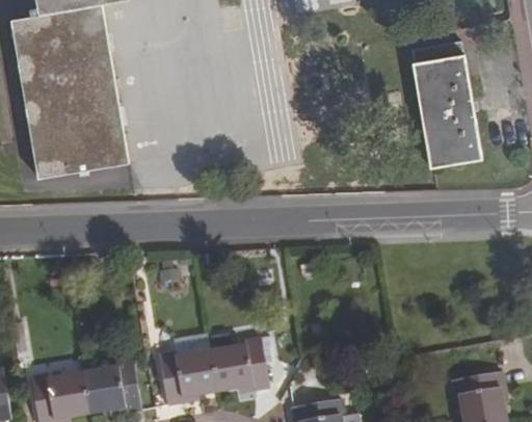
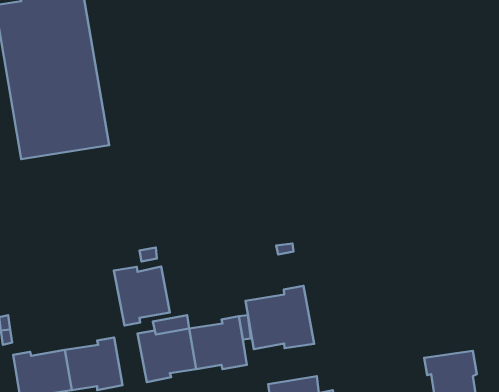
building: [409,39,480,165] -> none
building: none -> [114,267,170,326]
building: none -> [245,286,314,349]

